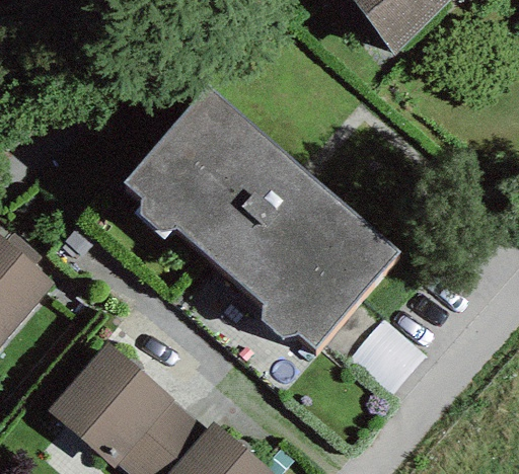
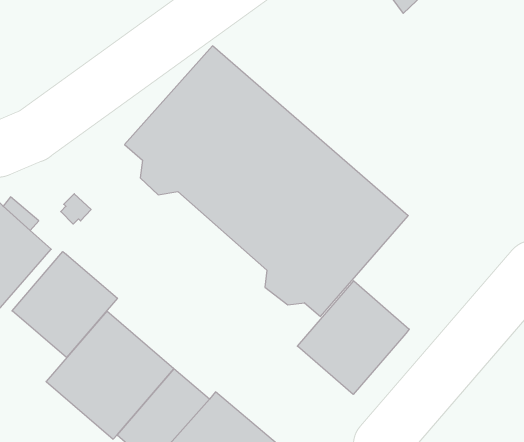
building: none -> [12,252,117,357]
building: none -> [297,281,409,394]

